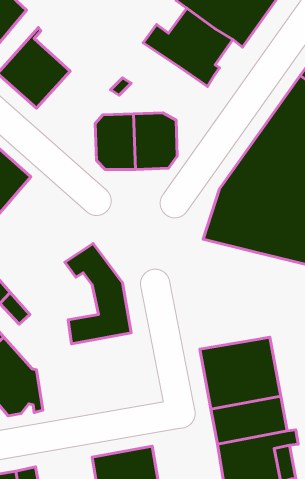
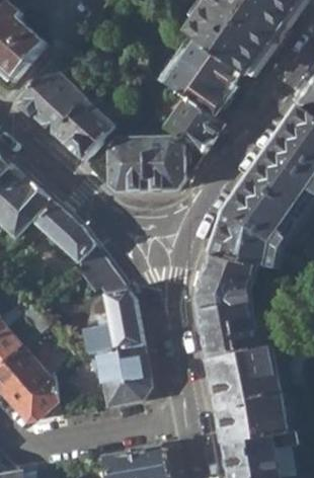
building: none -> [165,94,224,151]
building: none -> [53,98,112,159]
building: none -> [35,202,105,275]
building: none -> [193,254,257,356]
building: none -> [85,341,149,405]

